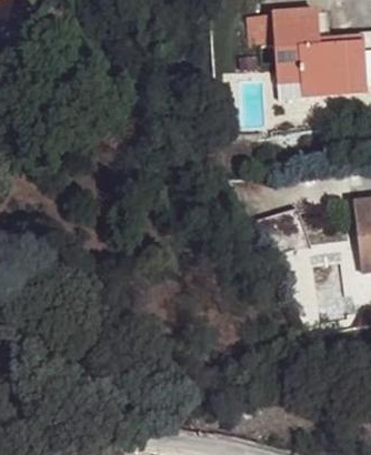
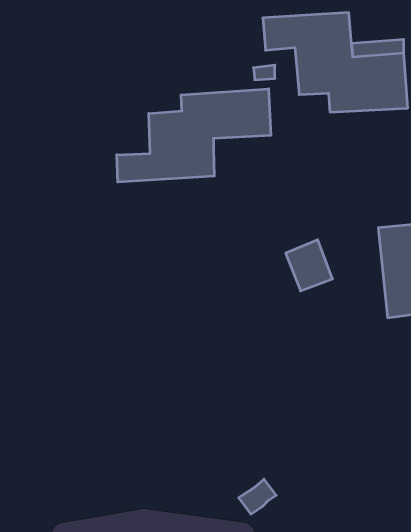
building: none -> [117,89,271,182]

